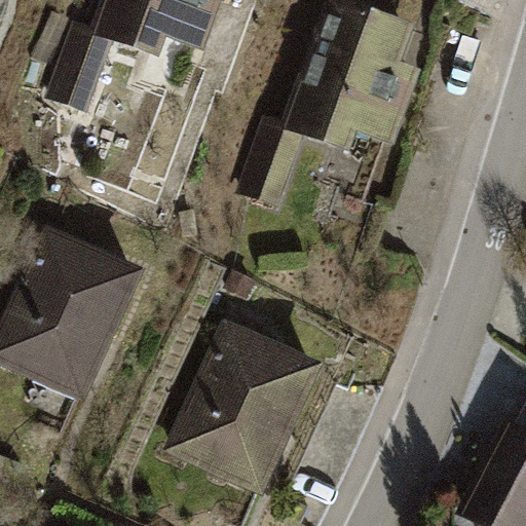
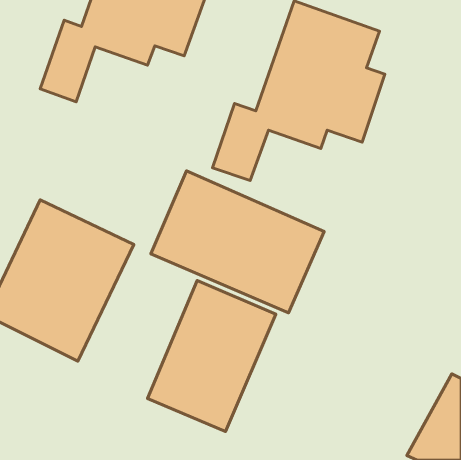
building: none -> [151,171,324,313]

